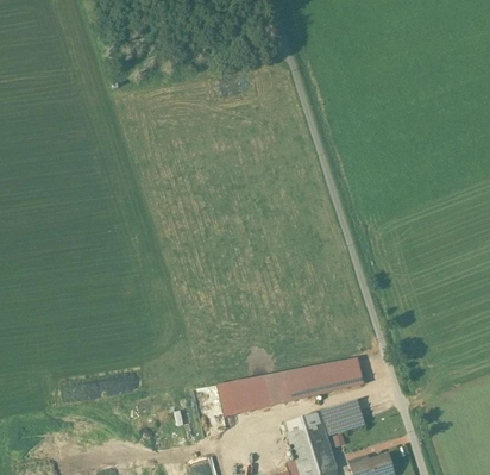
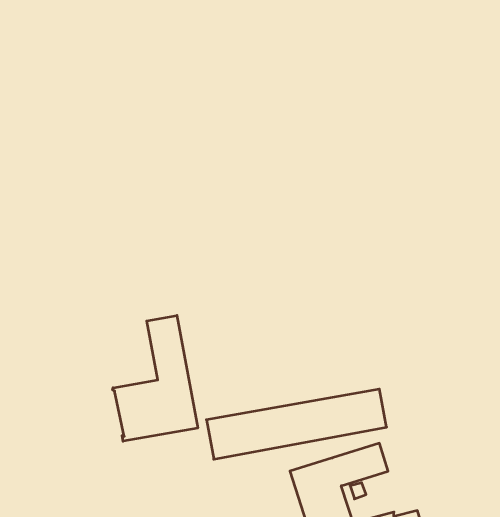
building: none -> [113,315,198,441]

